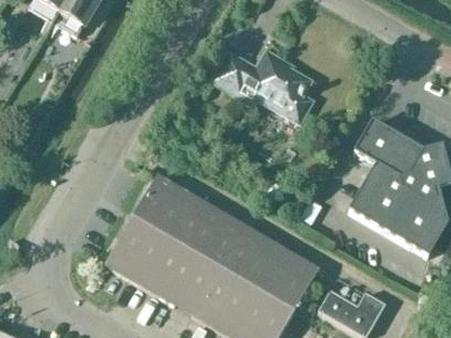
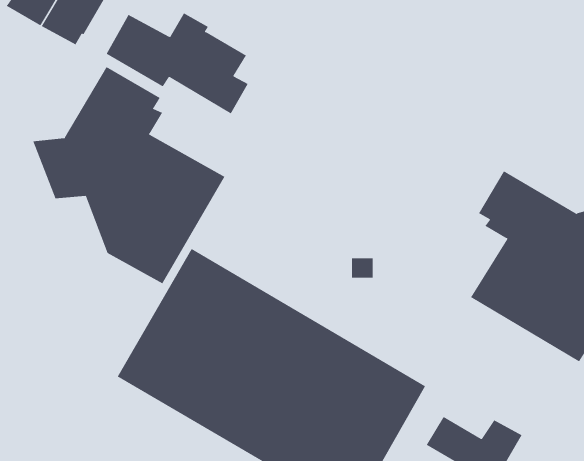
building: none -> [33,66,225,284]
building: [215,51,313,121] -> [106,13,249,114]

